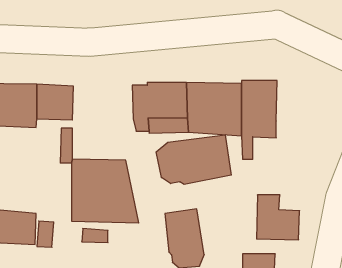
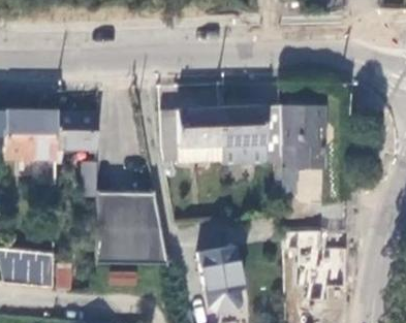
building: [156,135,231,184] -> none

